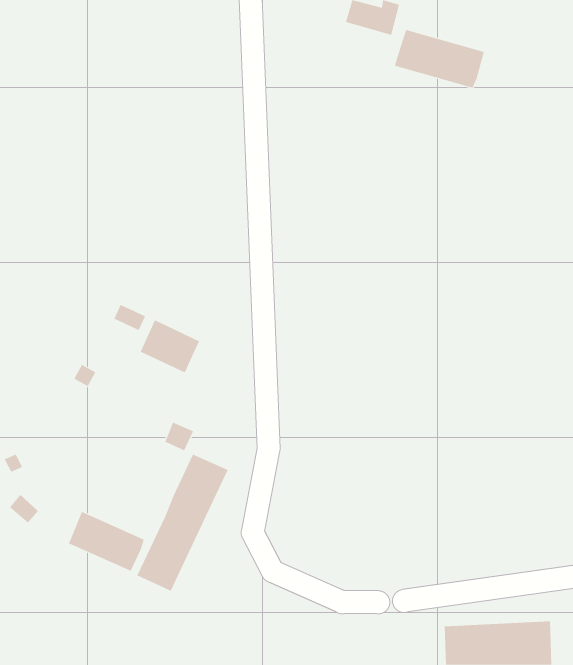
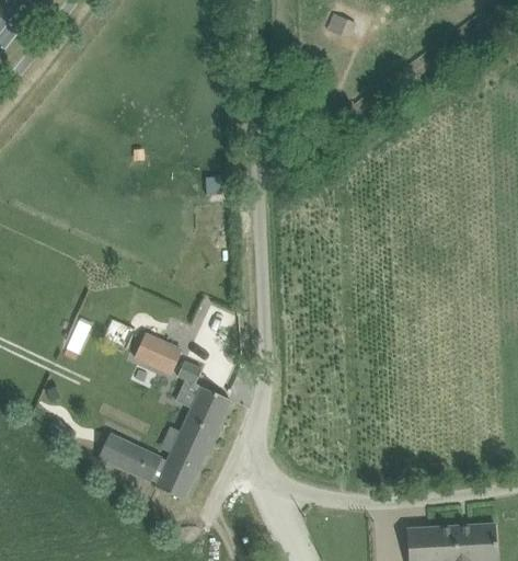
building: [394,29,484,88] -> none
building: [140,320,200,373] -> [134,332,183,376]

